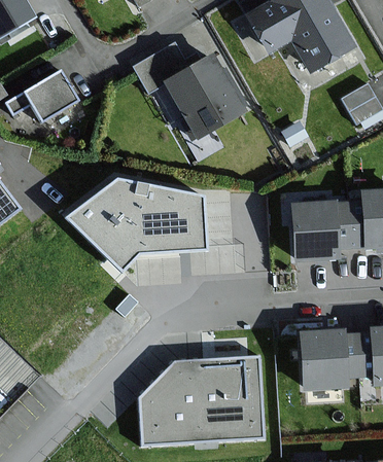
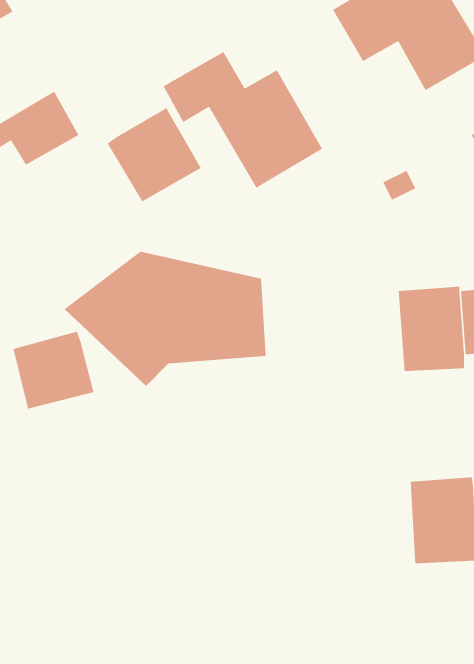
building: none -> [107,107,202,202]
building: none -> [13,331,95,409]
building: [139,357,262,446] -> none

